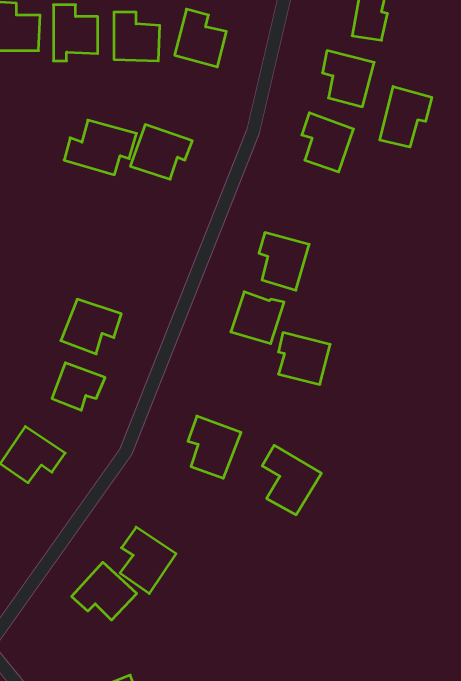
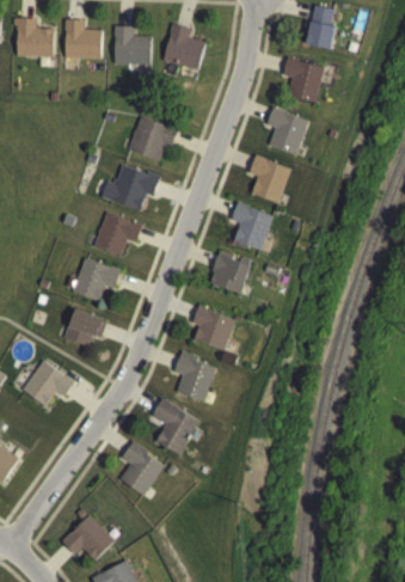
building: [380,86,432,147] -> none
building: [64,120,137,175] -> [100,165,159,209]
building: none -> [247,154,290,203]
building: none -> [93,212,141,256]
building: [278,333,330,384] -> [192,307,234,349]
building: [262,445,321,515] -> [151,398,198,454]
building: [72,562,137,620] -> [61,514,113,560]

